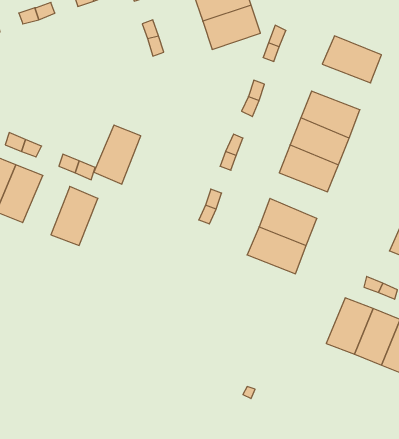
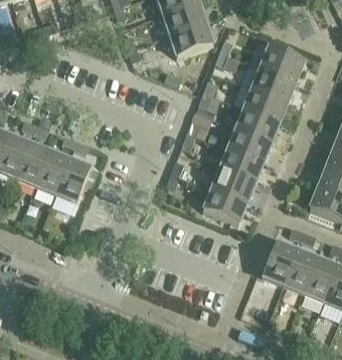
building: none -> [251,66,296,101]
building: [94,125,141,184] -> [35,150,70,194]
building: none -> [220,148,264,182]

